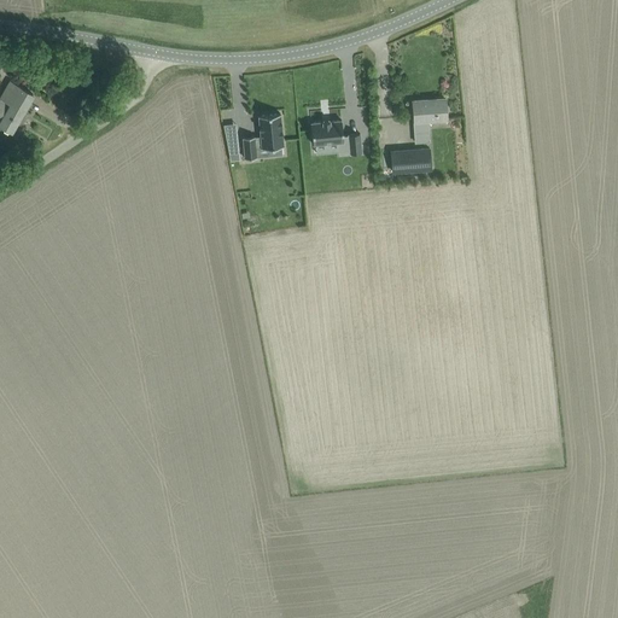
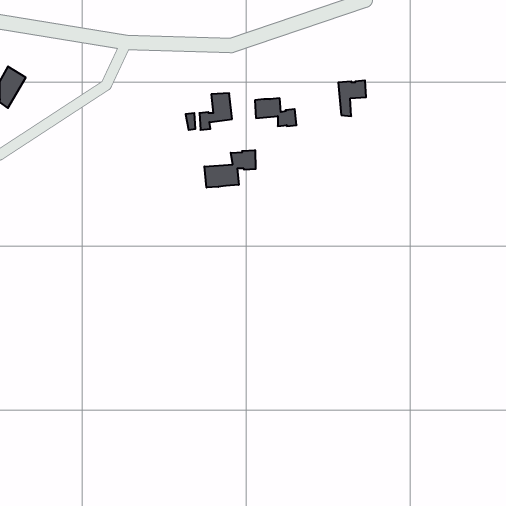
building: [389,147,431,174] -> none
building: none -> [204,150,256,188]

